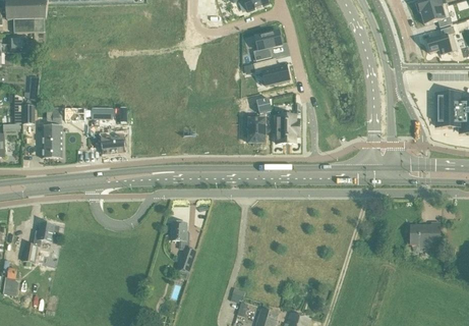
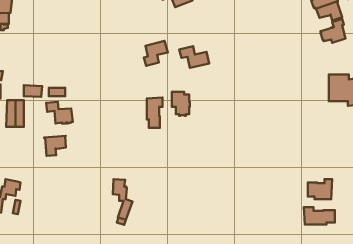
building: [252,30,282,60] -> [144,41,168,66]
building: [276,114,298,142] -> none
building: none -> [147,97,162,128]
building: none -> [44,136,66,156]
building: none -> [304,207,335,225]

